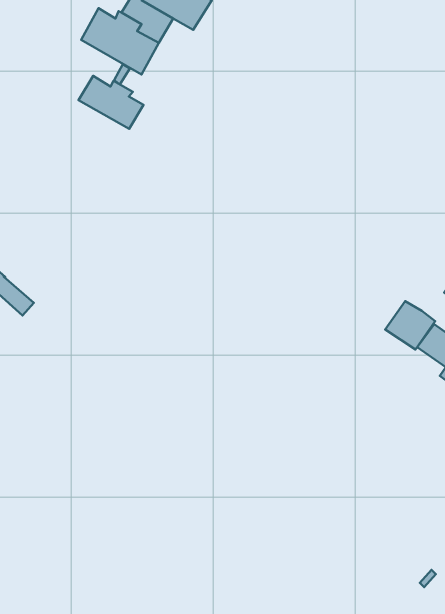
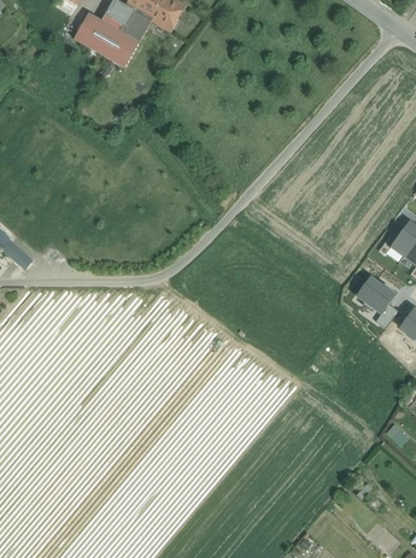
building: [79,76,143,129] -> none
building: [385,301,435,349] -> none

